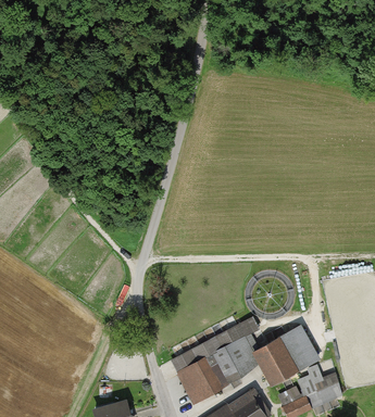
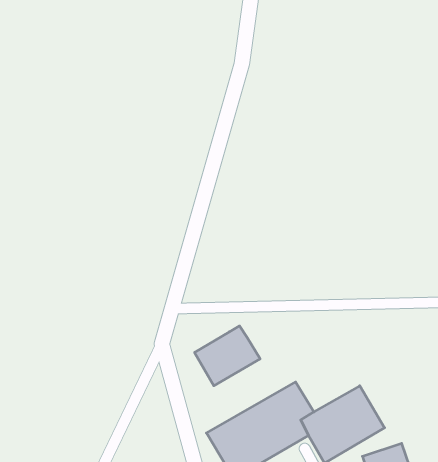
building: none -> [195,326,260,386]

